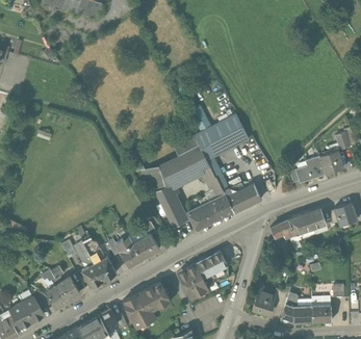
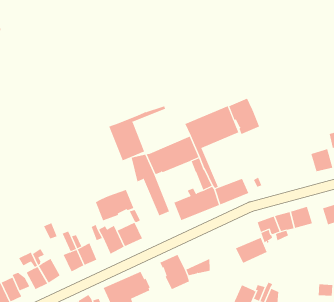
building: none -> [229,98,260,135]
building: none -> [109,106,166,161]
building: [296,156,327,183] -> none
building: none -> [95,189,134,221]
building: [196,251,228,278] -> [235,237,268,263]

